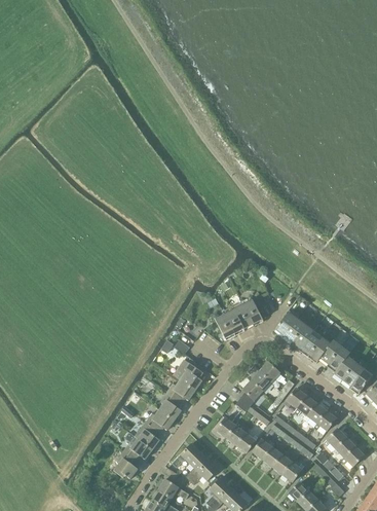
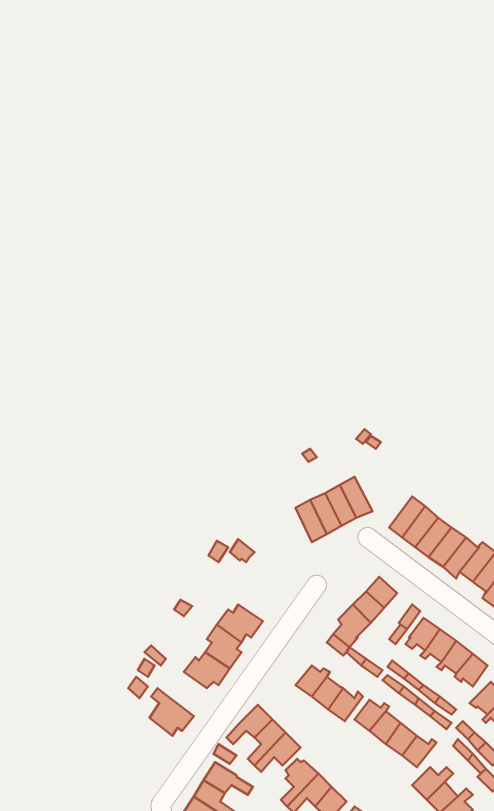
building: [173,359,202,390] -> none
building: [135,422,160,449] -> none
building: [114,450,139,478] -> none

